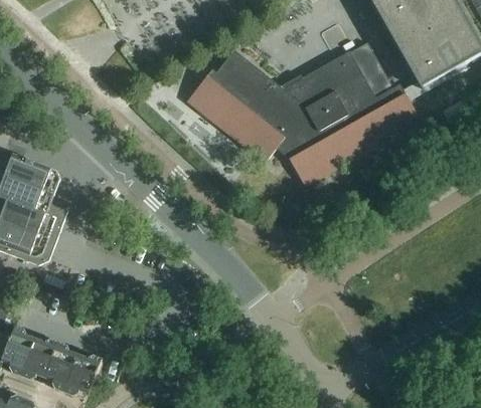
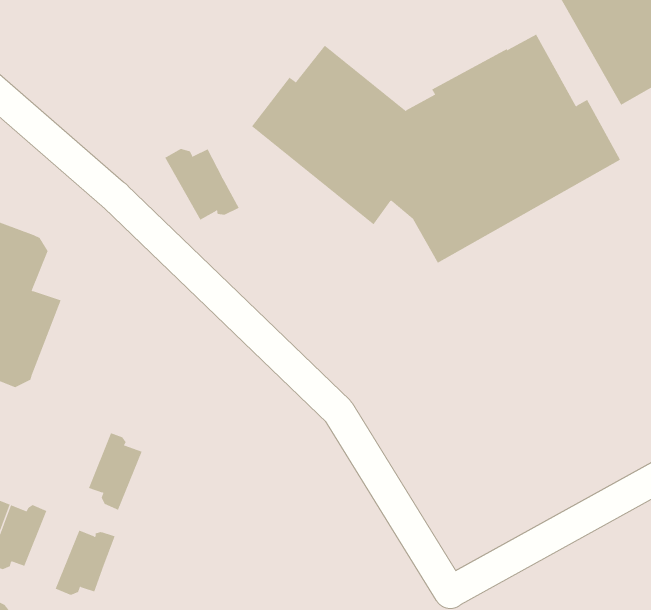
building: none -> [164,148,240,220]
building: [43,342,77,391] -> [88,432,142,511]

